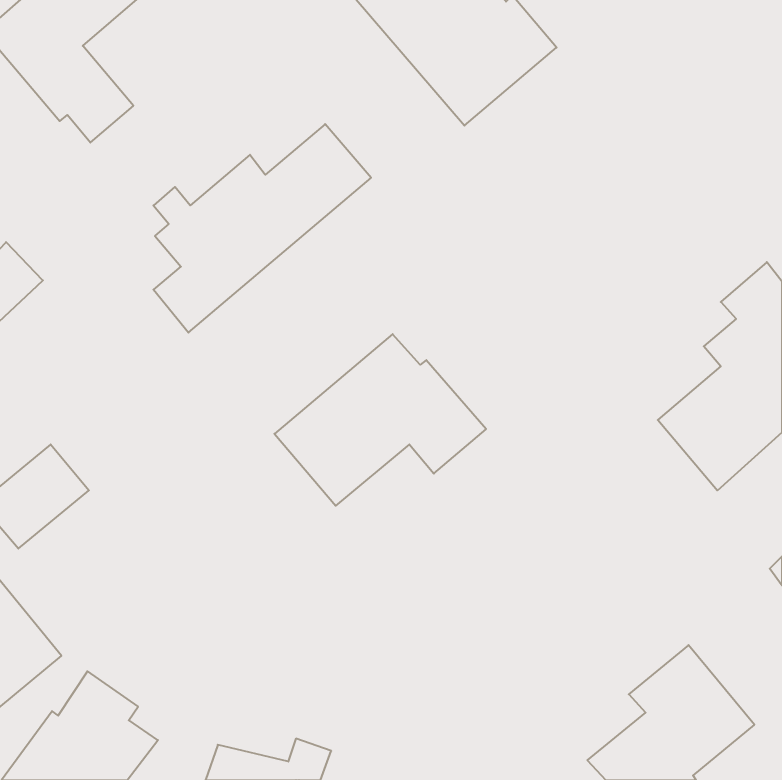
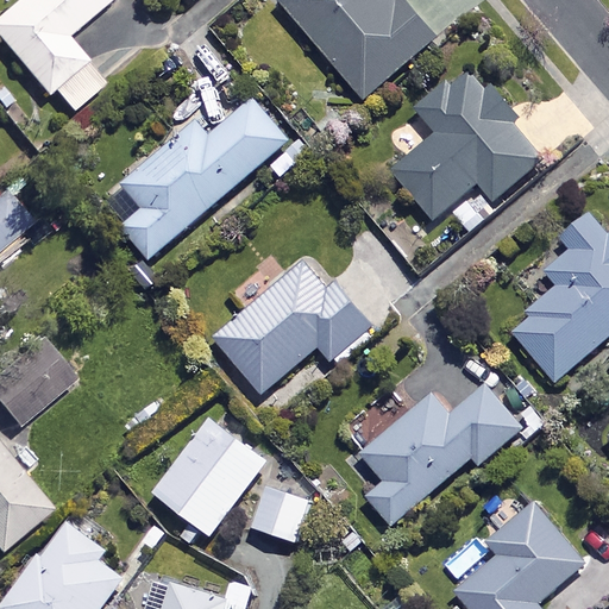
building: none -> [391,59,541,230]
building: none -> [360,383,522,526]
building: none -> [153,419,266,536]
building: none -> [251,486,312,545]

